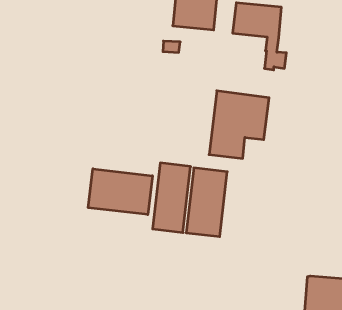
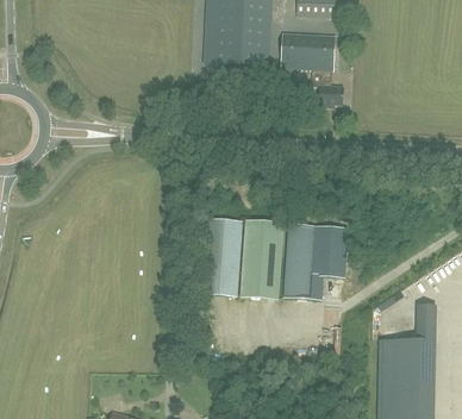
building: [209,91,269,158] -> [281,224,345,299]
building: [88,169,152,215] -> none

